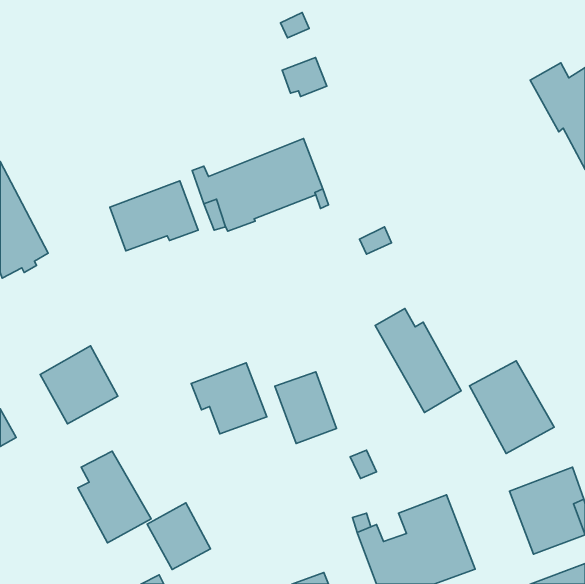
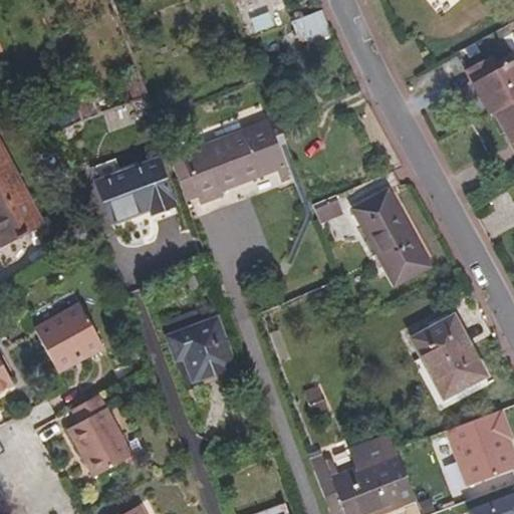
building: [282,58,327,96] -> [292,10,331,44]
building: [375,308,461,413] -> [353,194,429,285]
building: [275,372,337,444] -> none
building: [147,503,211,569] -> none

